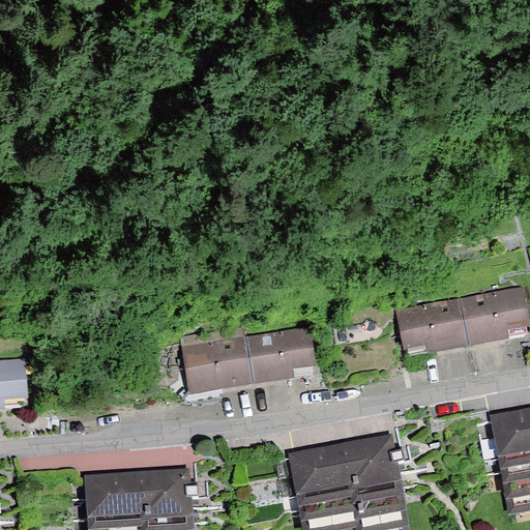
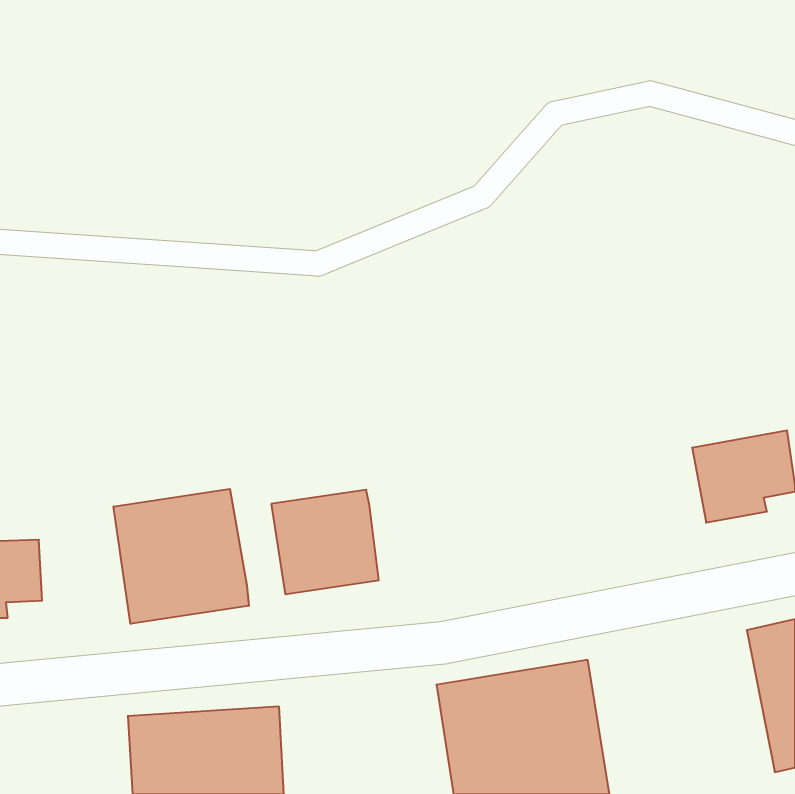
building: [393,297,469,355] -> none
building: none -> [114,489,249,624]
building: [245,327,315,385] -> none

